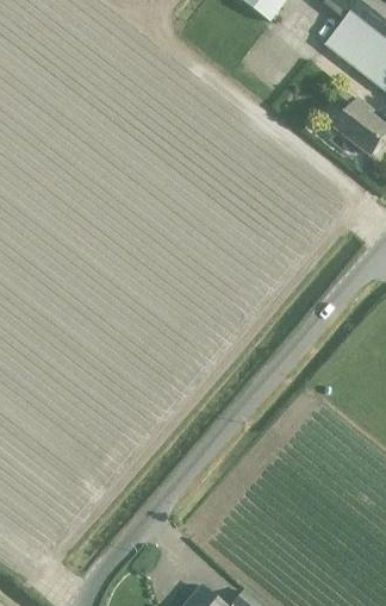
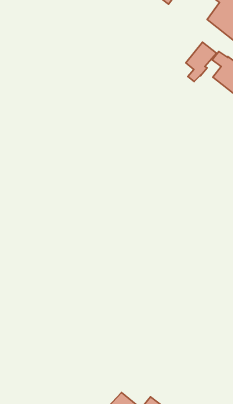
building: none -> [186,42,217,82]

